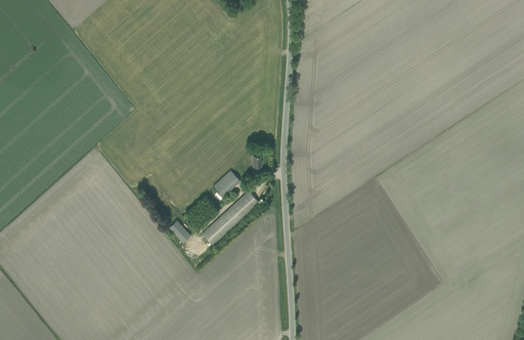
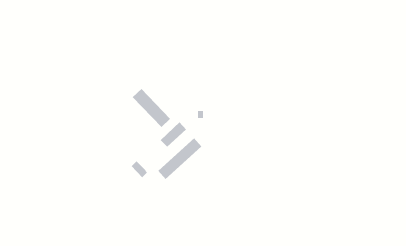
building: none -> [132,88,171,128]

